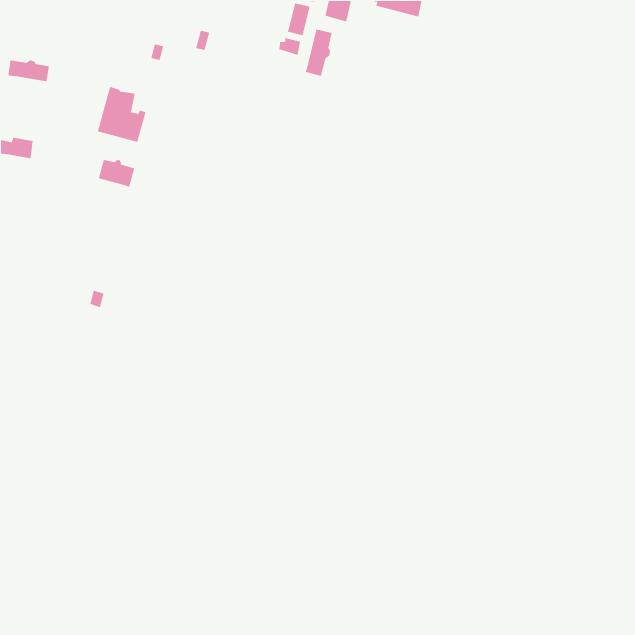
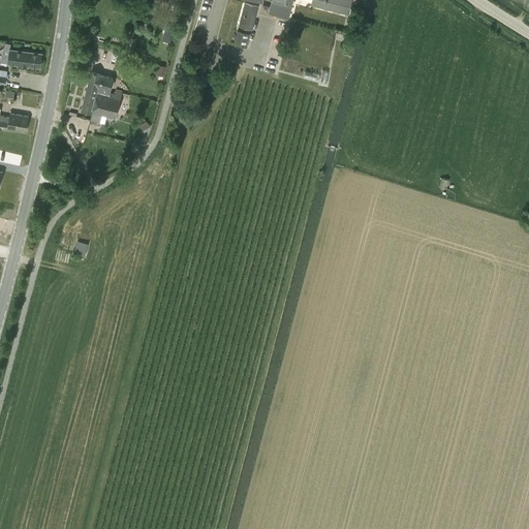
building: [305,28,333,77] -> none
building: [98,159,135,188] -> none

